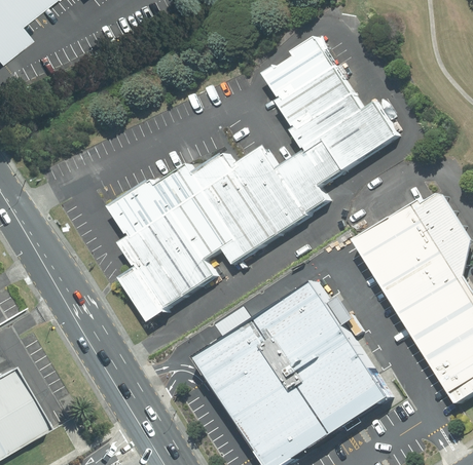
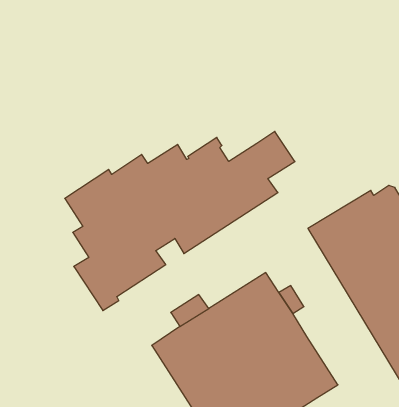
building: [259,36,395,169] -> none

